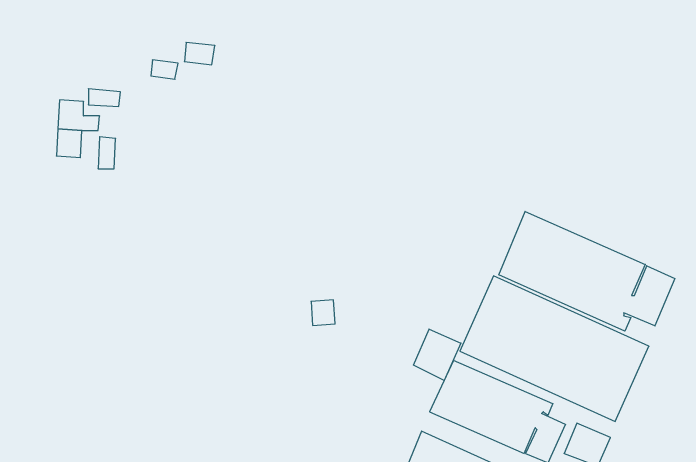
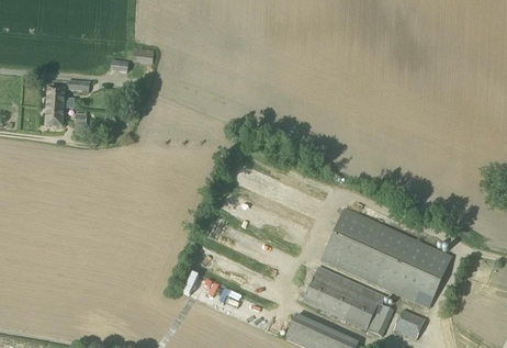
building: [499,211,675,331] -> none
building: [414,329,461,381] -> none

